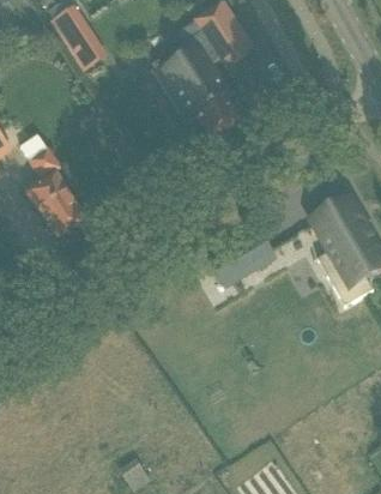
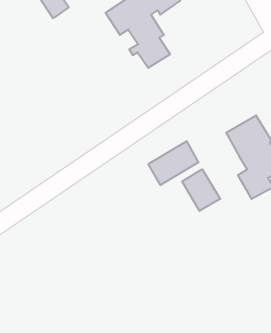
building: [22,133,85,235] -> none
building: none -> [182,169,220,211]

